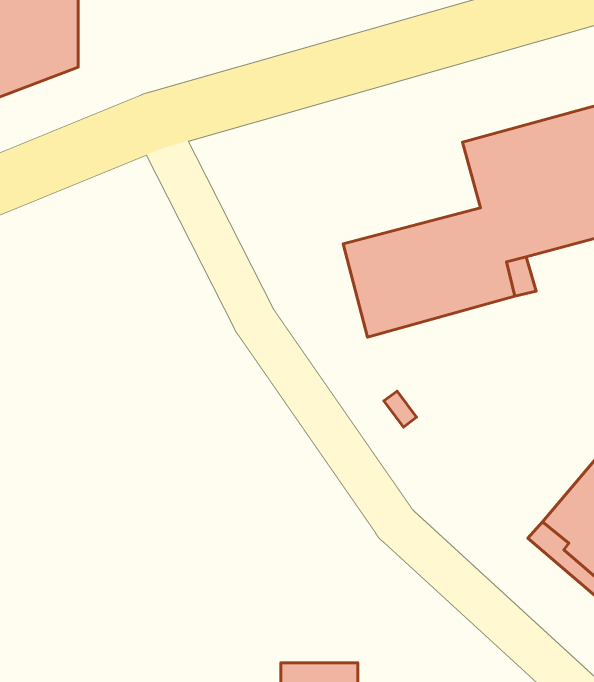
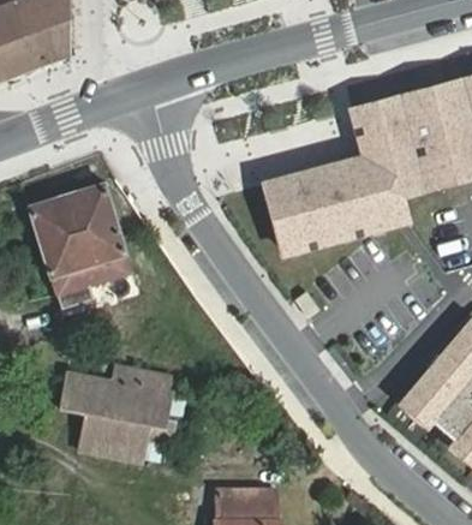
building: none -> [29,184,131,308]
building: none -> [61,369,175,459]

